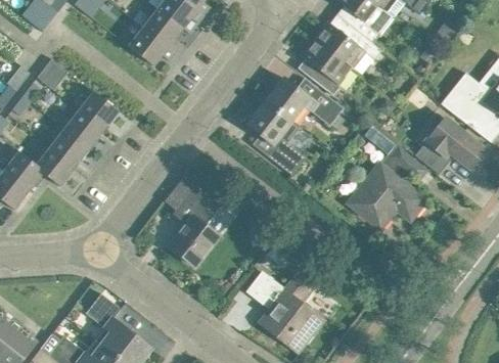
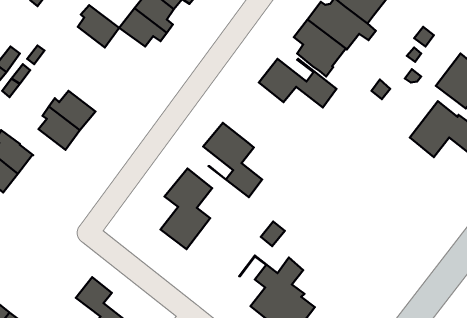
building: [78,88,119,130] -> [78,5,119,47]
building: [246,101,305,175] -> [203,123,262,197]
building: [347,118,426,230] -> none
building: [30,147,75,186] -> none

